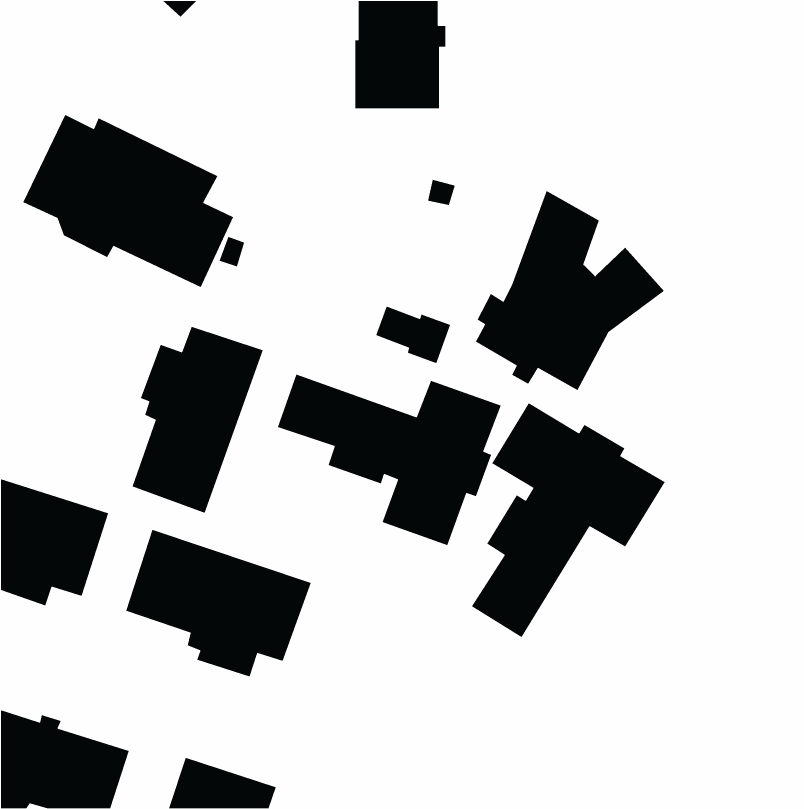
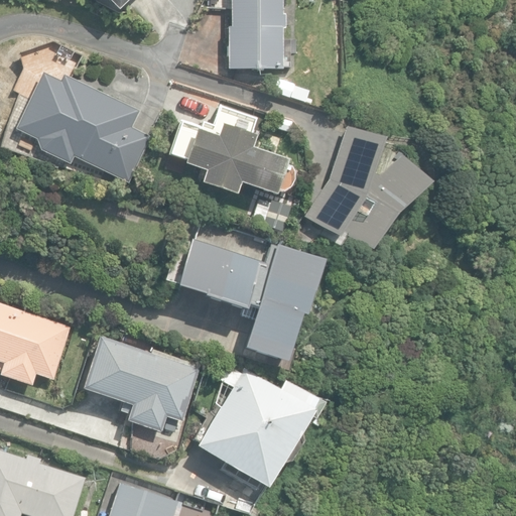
building: none -> [168,106,287,196]
building: [132,326,264,514] -> none
building: [471,402,666,638] -> none
building: none -> [198,366,322,488]

